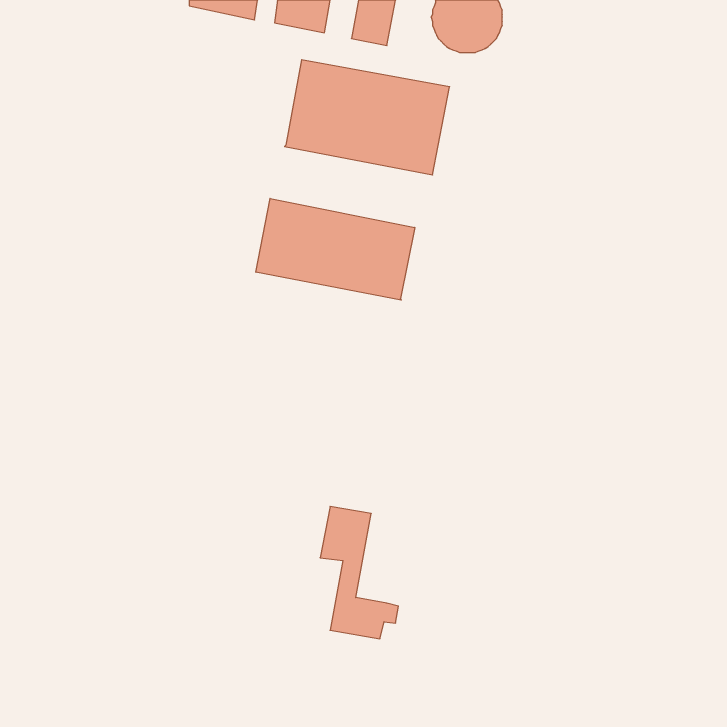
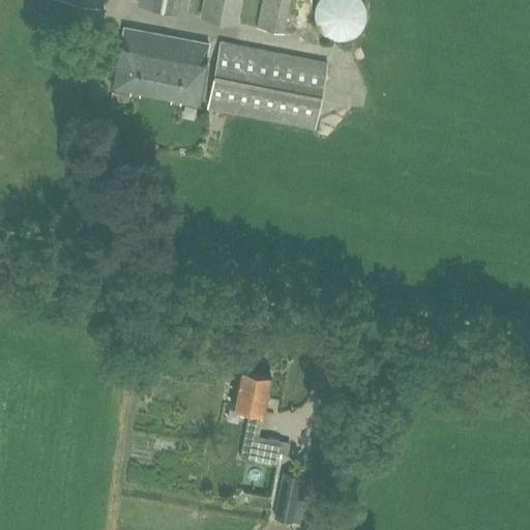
building: none -> [112,27,209,104]
building: [256,198,415,300] -> none
building: none -> [274,472,301,520]

